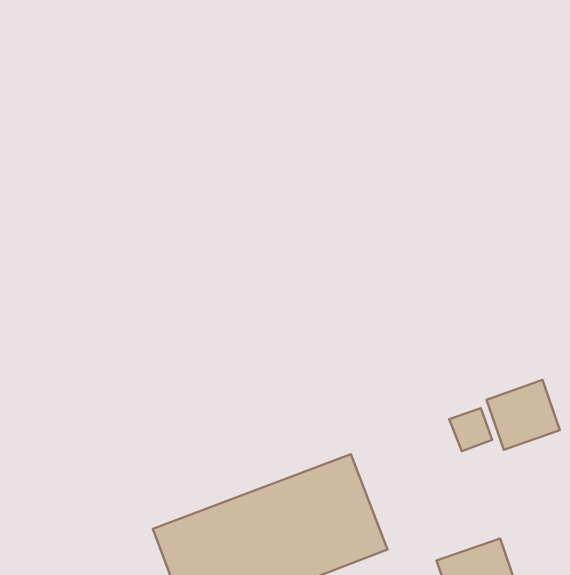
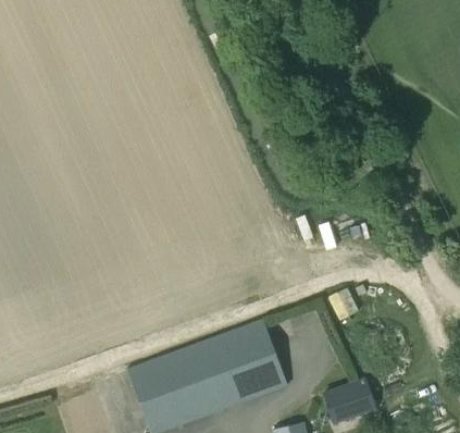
building: [486,380,560,450] -> none

